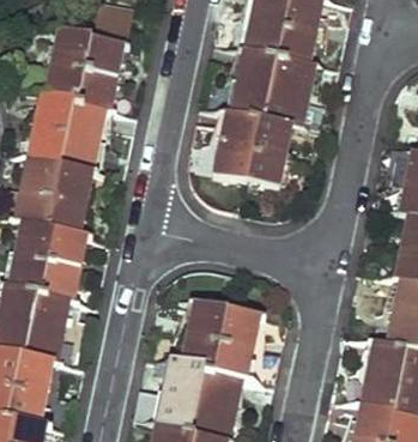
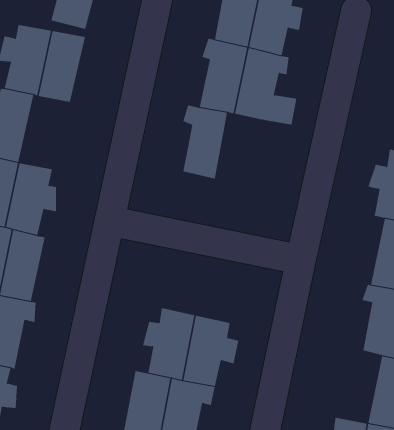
building: [59,101,111,171] -> none
building: [246,117,291,188] -> none
building: [359,340,404,413] -> none

